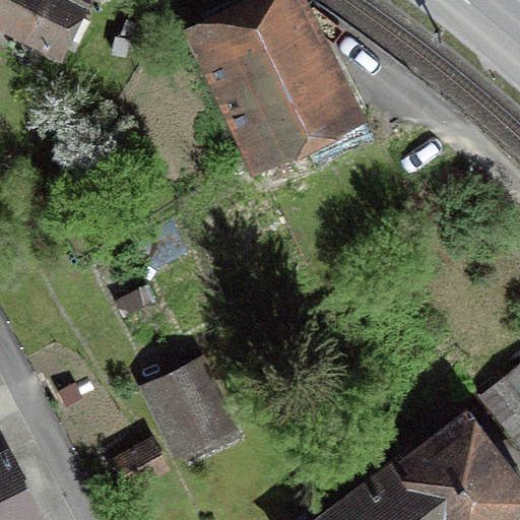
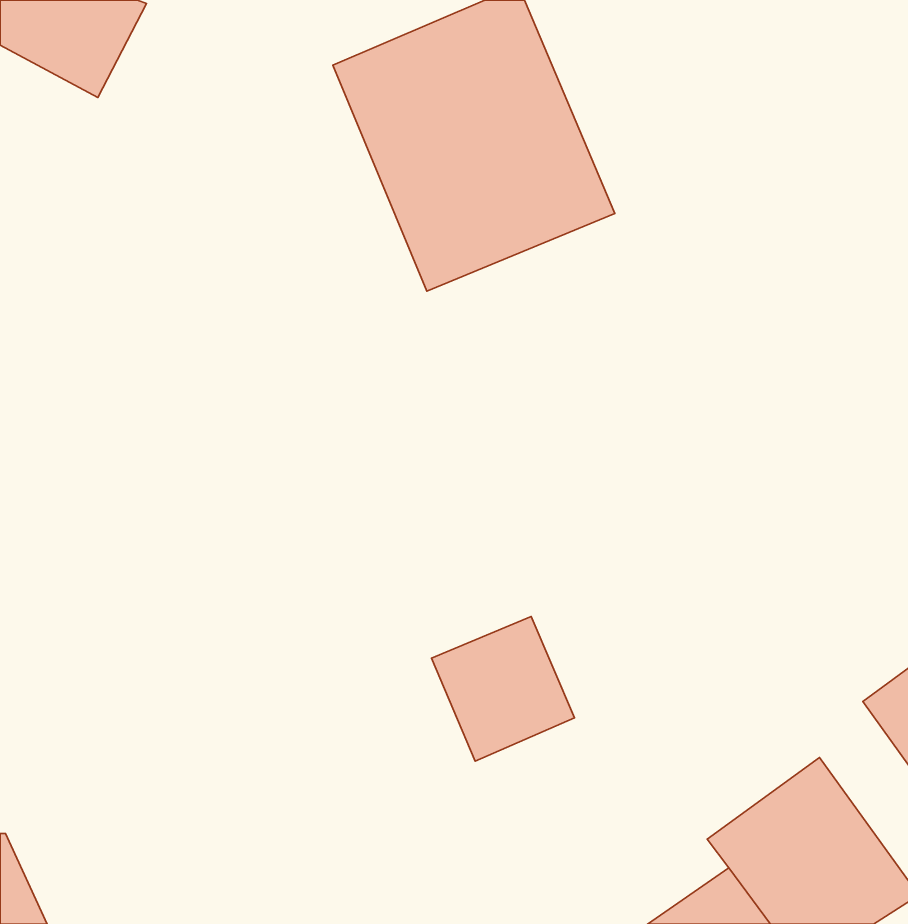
building: [147,371,228,452] -> [432,617,574,761]

